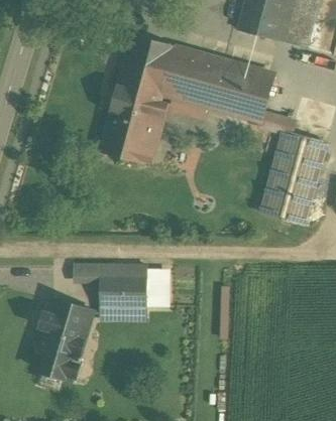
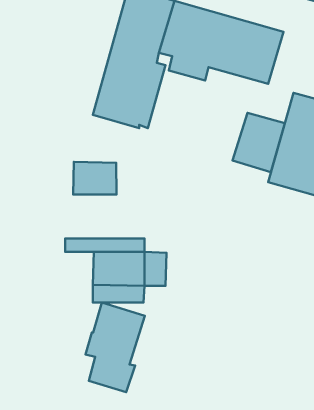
building: none -> [233,113,285,172]
building: none -> [73,162,116,195]
building: [37,297,92,379] -> [85,303,145,392]

